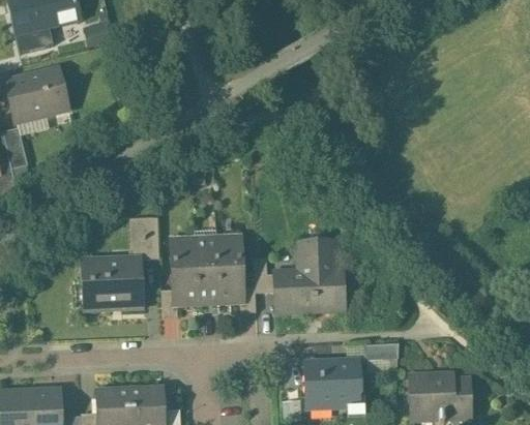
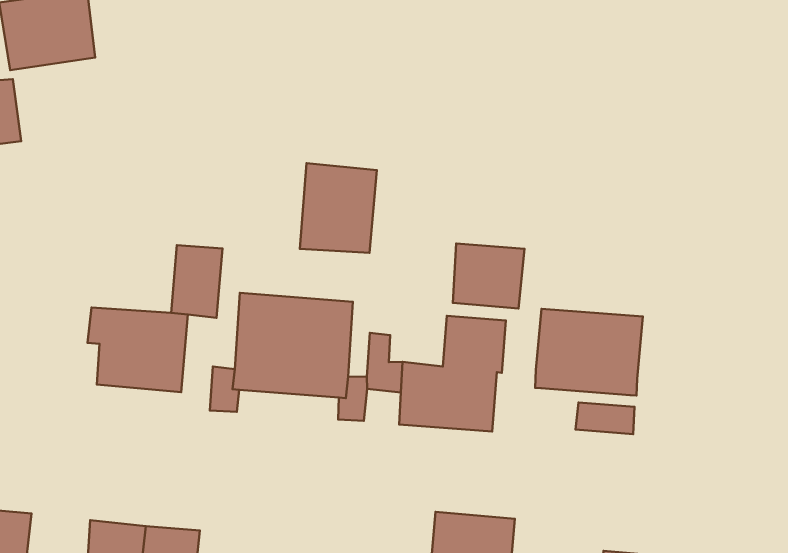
building: none -> [300,163,377,253]
building: none -> [453,243,525,309]
building: none -> [535,309,643,396]
building: [365,341,401,359] -> [576,402,634,434]

